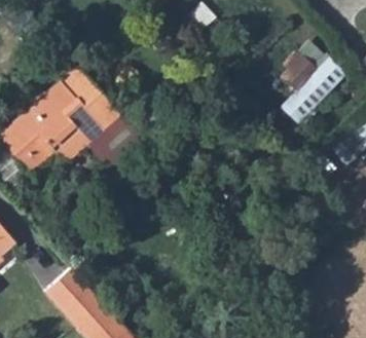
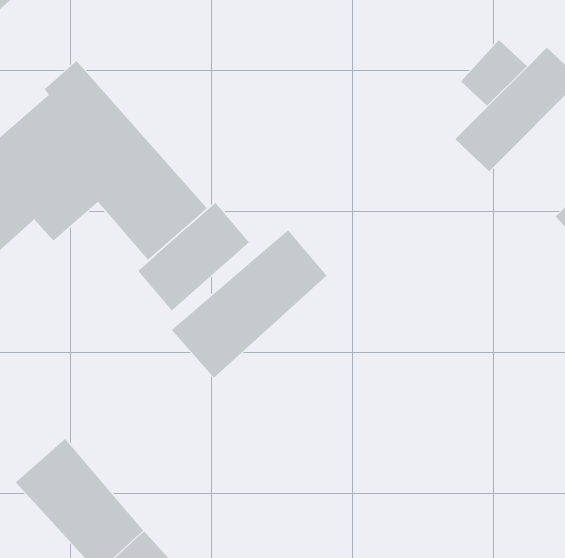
building: none -> [137,202,250,311]
building: none -> [171,229,327,379]

